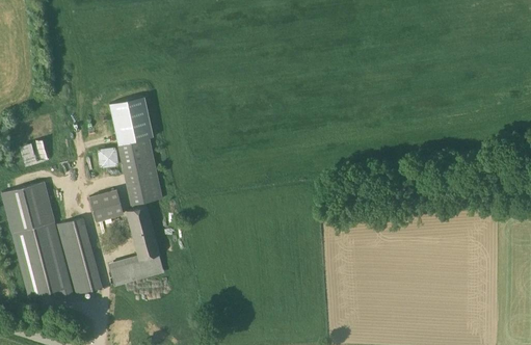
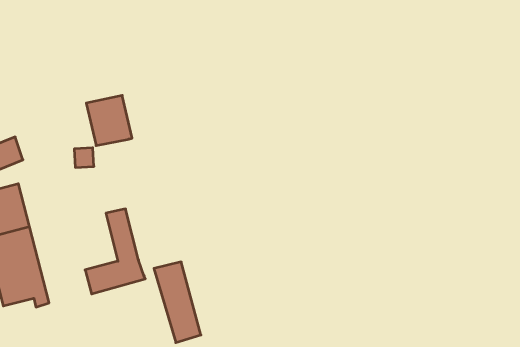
building: [118,138,162,203] -> none
building: [87,188,122,220] -> none
building: [57,217,102,294] -> [154,262,201,343]

